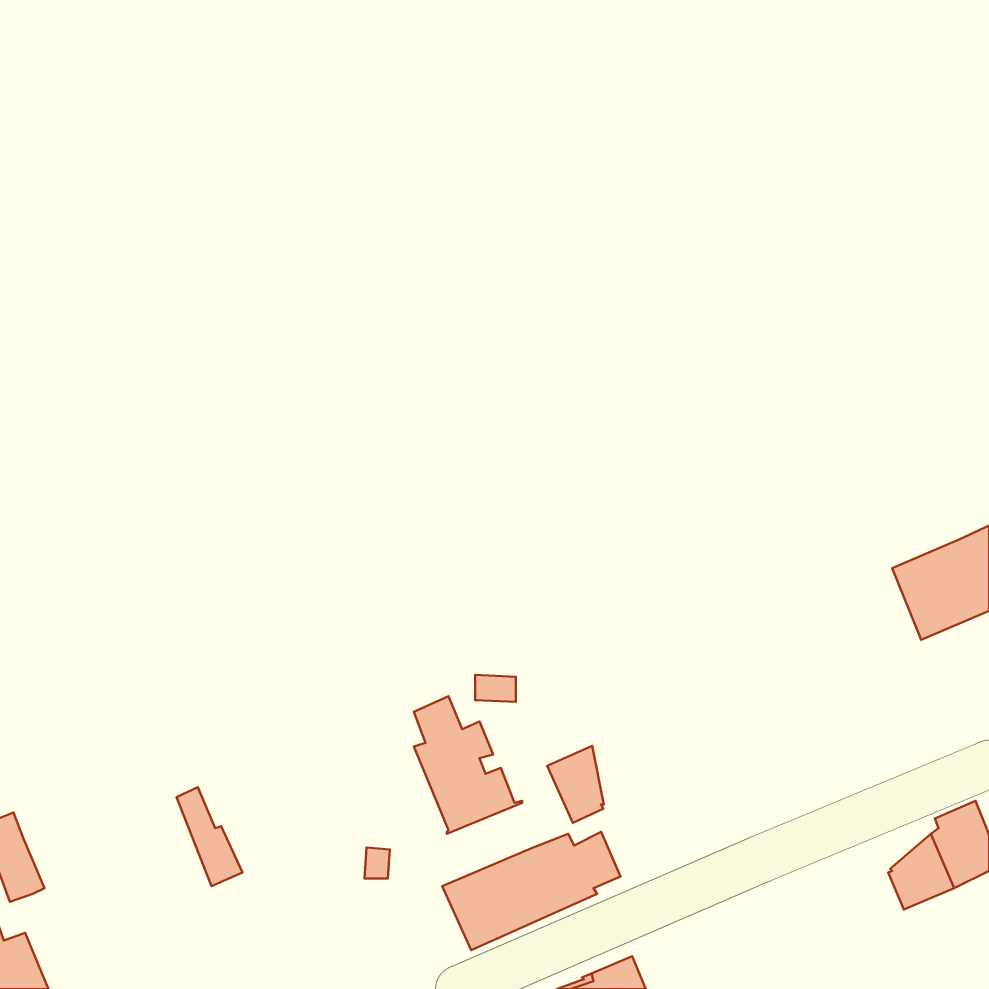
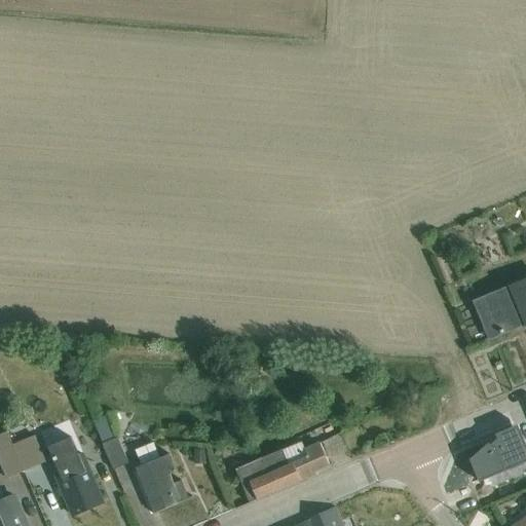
building: [414,696,522,834] -> [135,441,192,514]
building: [547,746,604,823] -> none
building: none -> [12,435,46,471]
building: none -> [46,437,105,518]

